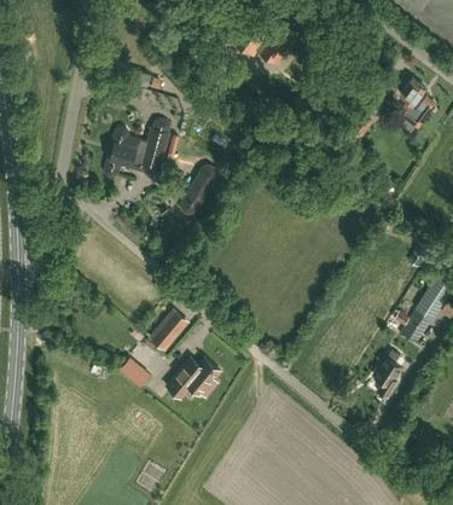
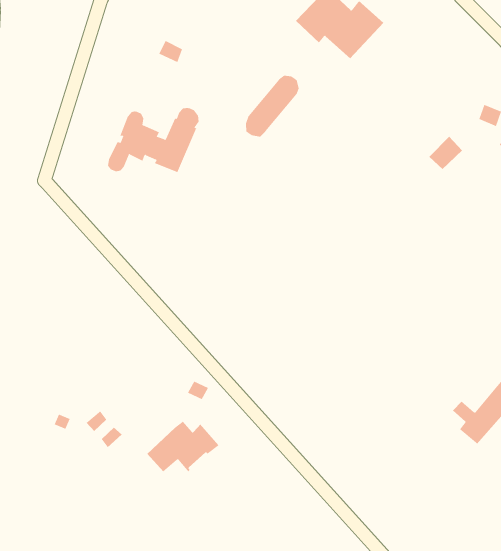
building: [179,166,216,215] -> [245,75,300,137]
building: [149,310,188,352] -> none
building: [373,350,401,399] -> none

